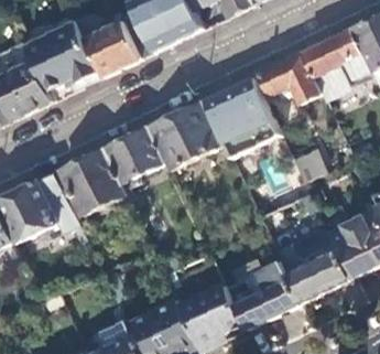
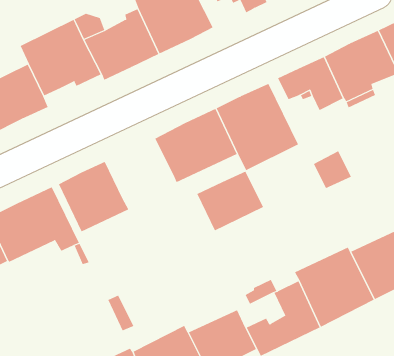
building: [102,129,164,184] -> [197,171,264,231]

